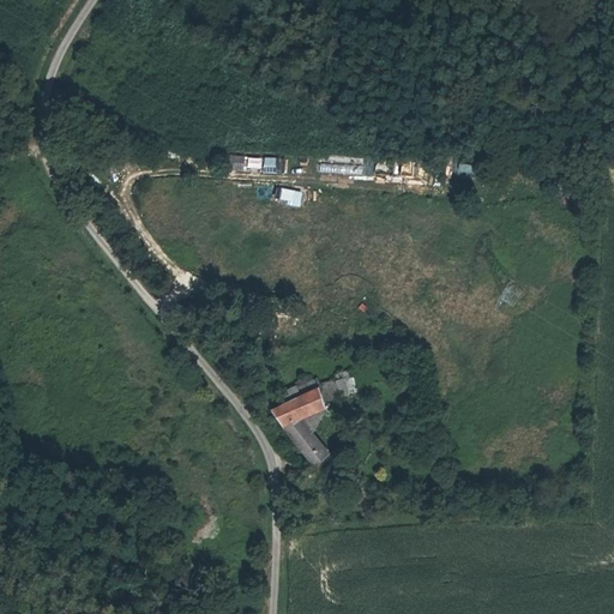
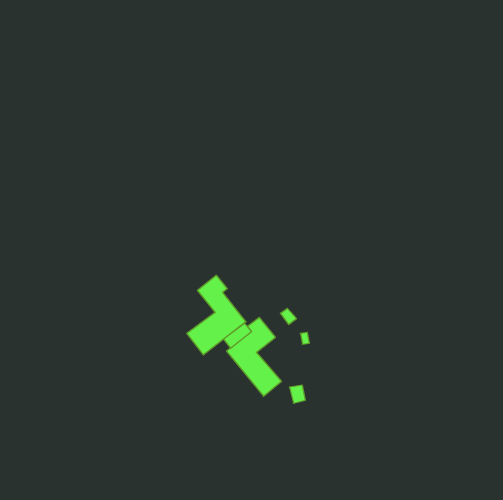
building: none -> [187,275,246,355]

